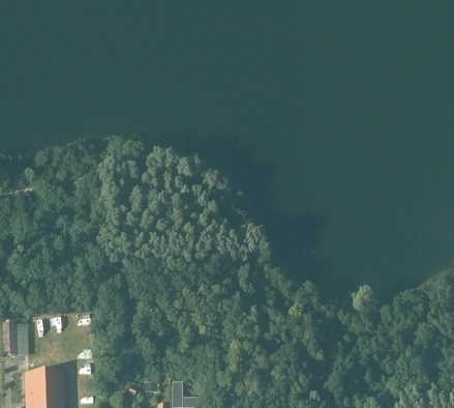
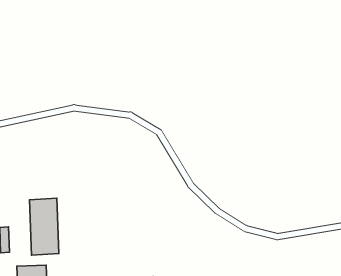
building: none -> [30,198,59,255]

